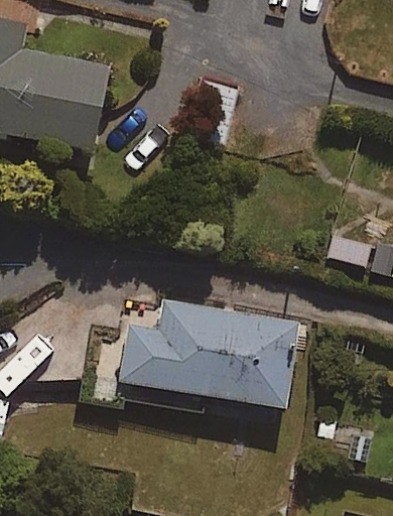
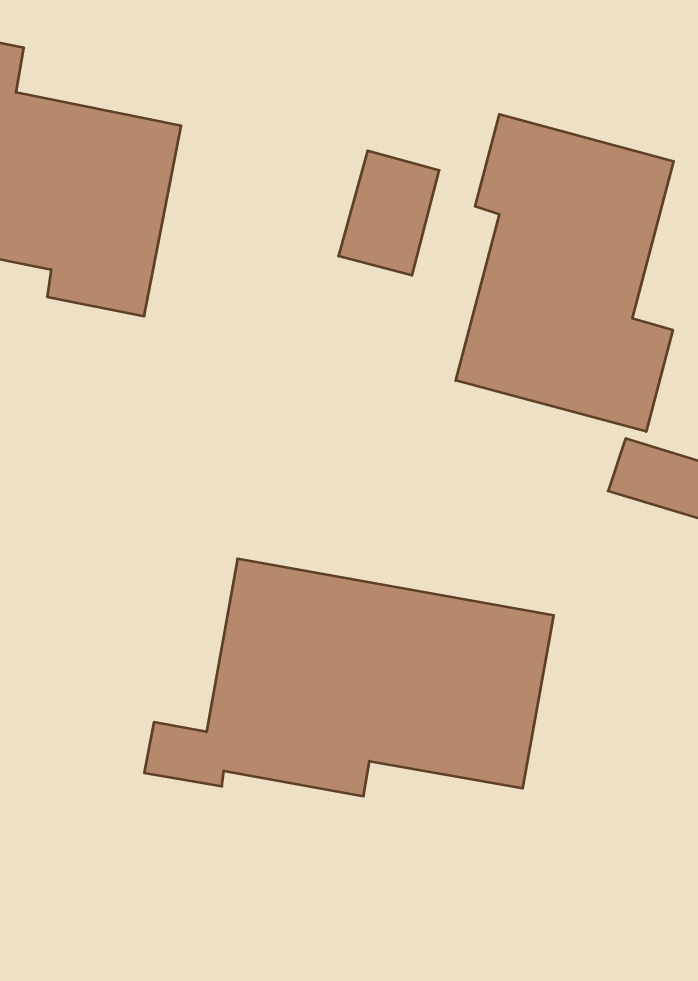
building: none -> [456,114,674,432]

